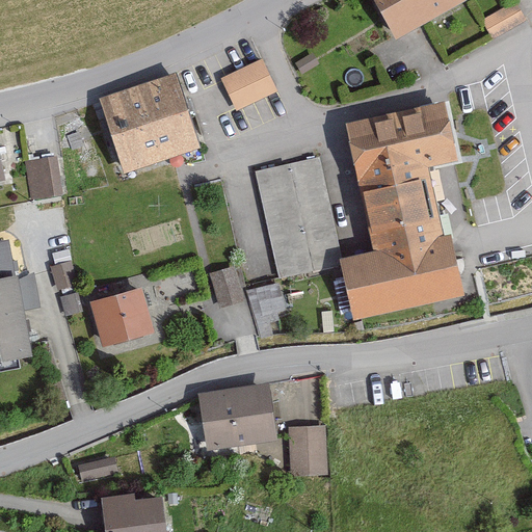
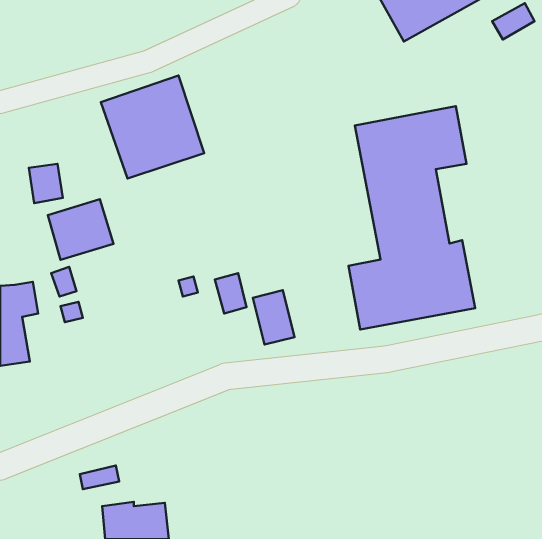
building: [220,60,275,110] -> none
building: [254,157,341,278] -> none
building: [89,289,154,348] -> [48,199,114,260]
building: [198,380,276,444] -> none
building: [287,423,324,474] -> none

